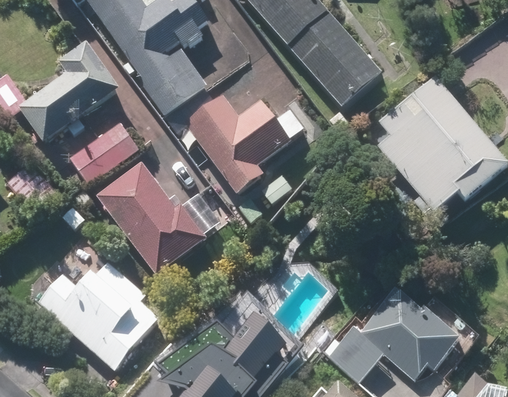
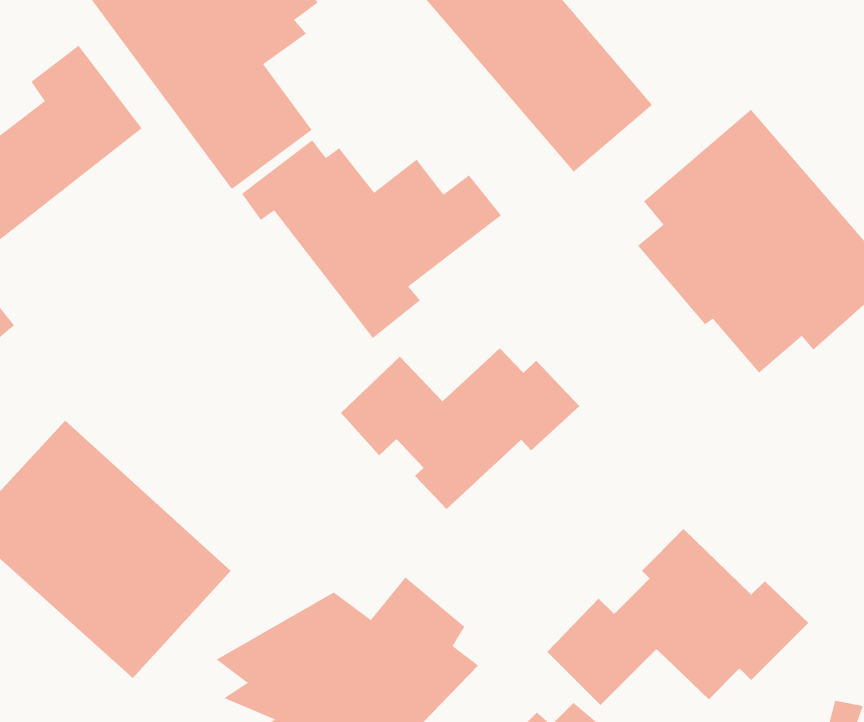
building: [67,121,141,187] -> none
building: [95,162,206,275] -> none
building: none -> [340,347,580,510]

